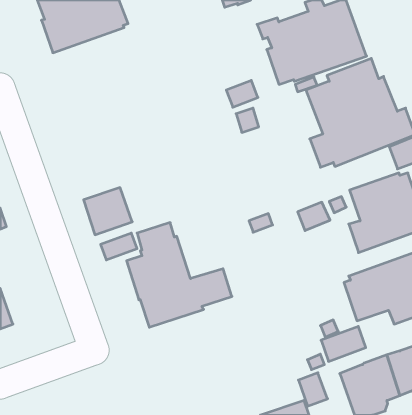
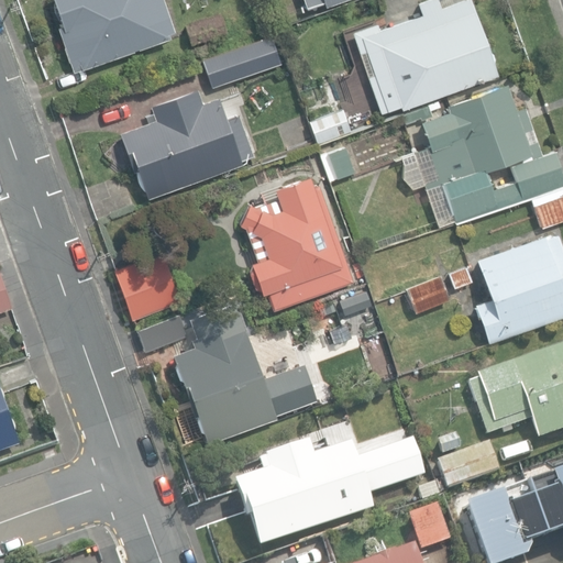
building: none -> [203,35,283,87]
building: none -> [120,87,255,197]
building: none -> [242,176,353,310]
building: none -> [234,438,426,548]

